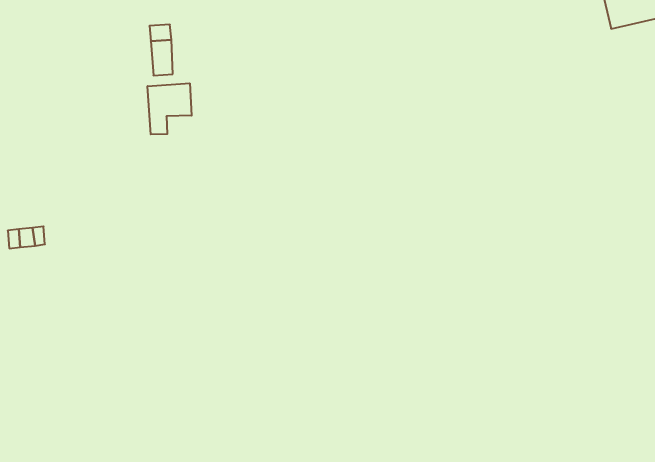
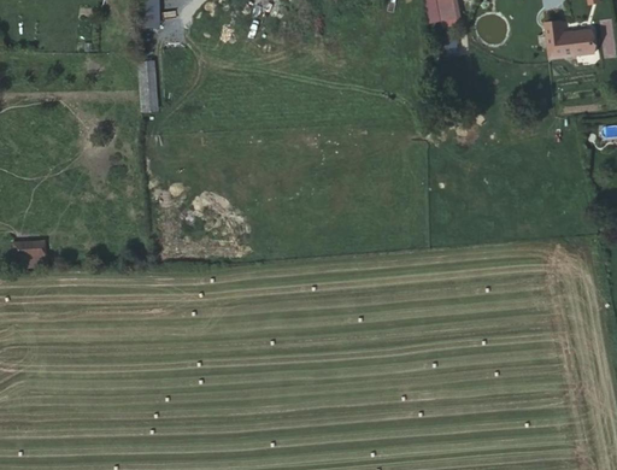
building: [148,83,192,134] -> none

